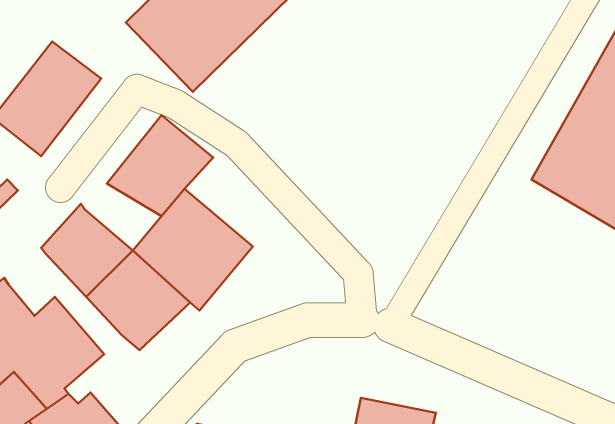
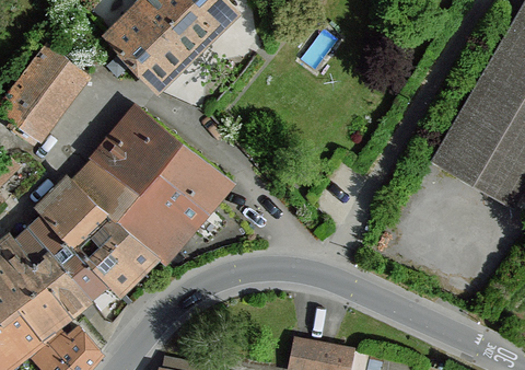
building: none -> [154,142,232,213]
building: none -> [74,163,136,217]
building: none -> [13,219,104,300]

